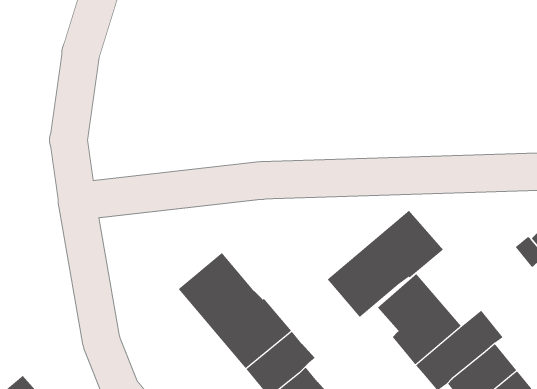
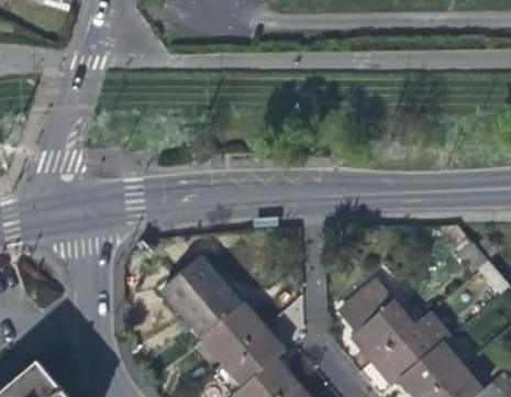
building: [327,210,444,318] -> none

